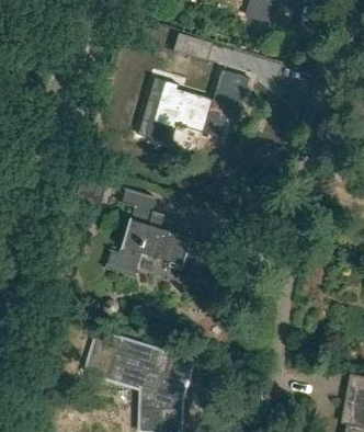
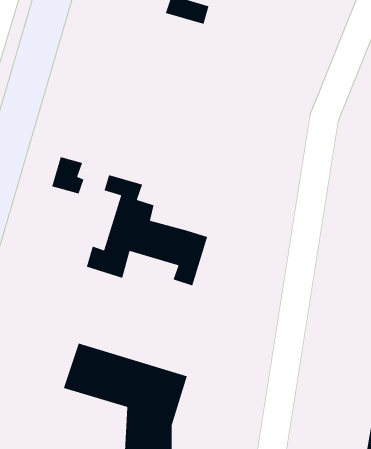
building: [138,69,239,144] -> none

